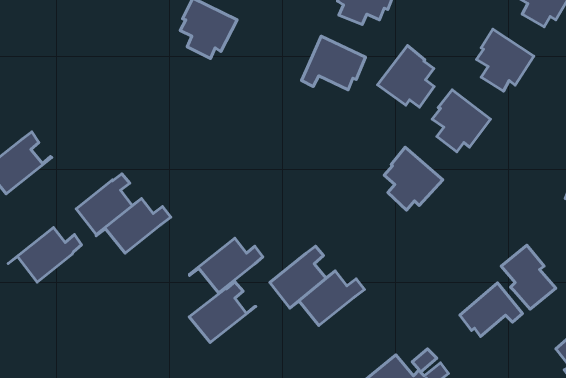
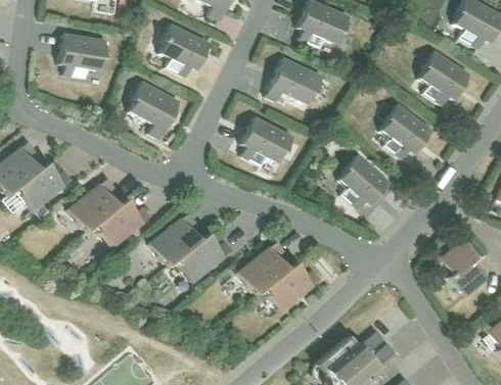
building: none -> [59,33,107,78]
building: [378,45,434,107] -> none
building: none -> [130,81,181,139]
building: none -> [241,116,293,165]
building: [8,227,82,282] -> [8,163,73,211]
building: [189,282,256,343] -> [150,212,209,266]
building: [460,283,522,336] -> none

